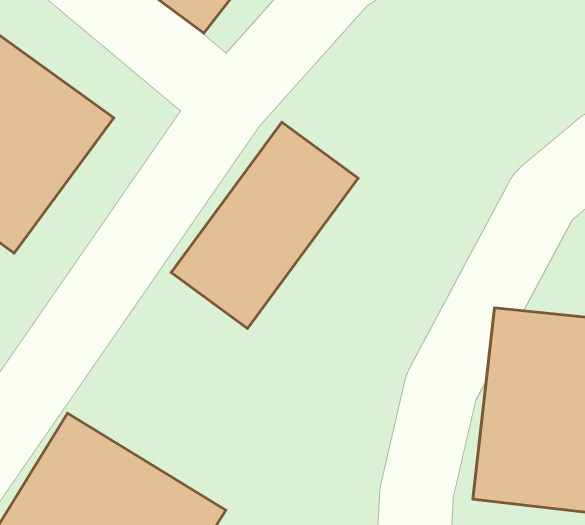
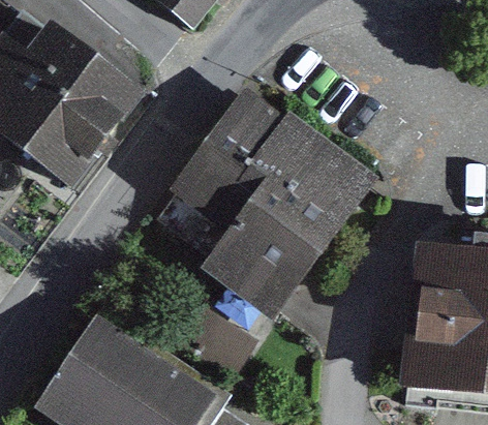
building: none -> [230,138,371,294]

